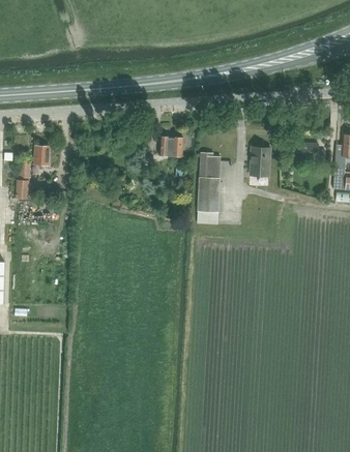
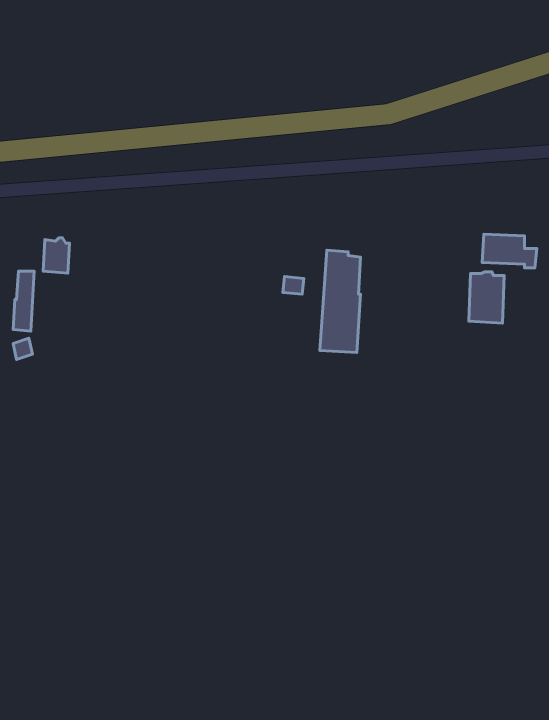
building: [159,137,182,159] -> none
building: [250,146,270,176] -> [469,272,504,323]

